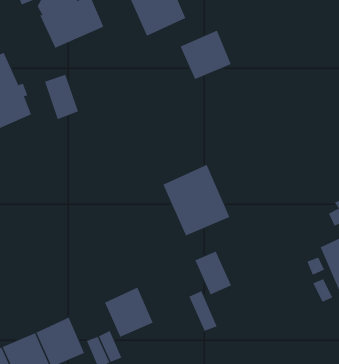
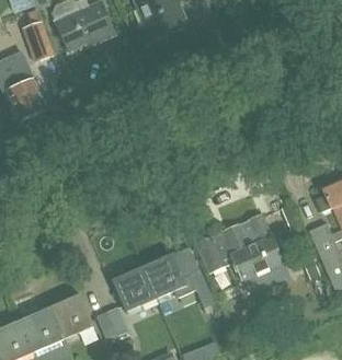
building: [180,30,231,80] -> none
building: [44,74,79,120] -> [22,20,54,61]
building: [163,164,230,236] -> [221,212,283,278]
building: none -> [142,252,187,298]

